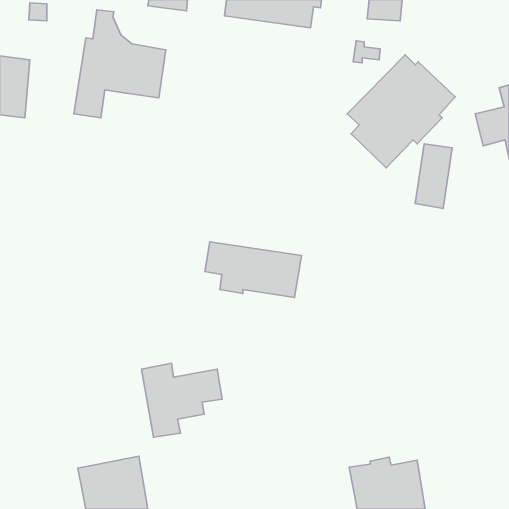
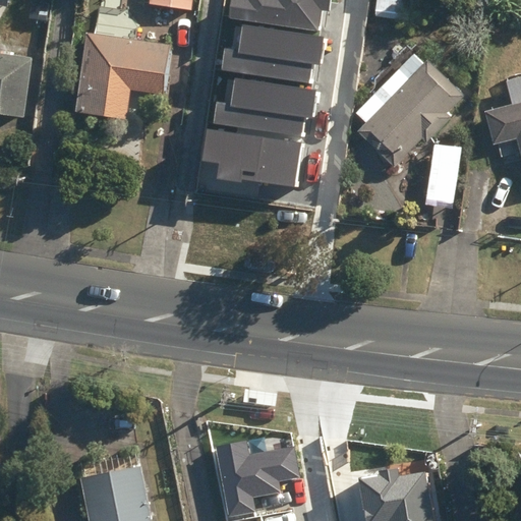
building: none -> [221,23,323,81]
building: none -> [212,77,313,134]
building: [205,242,302,298] -> [201,128,300,185]
building: [141,363,222,437] -> [216,440,298,515]

